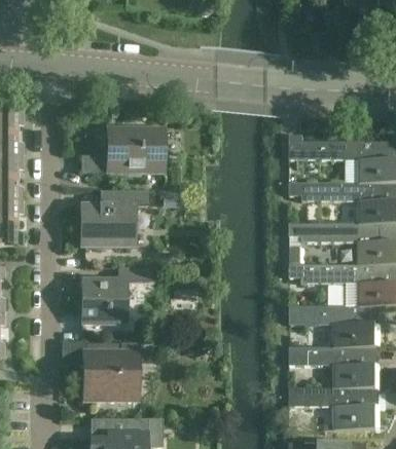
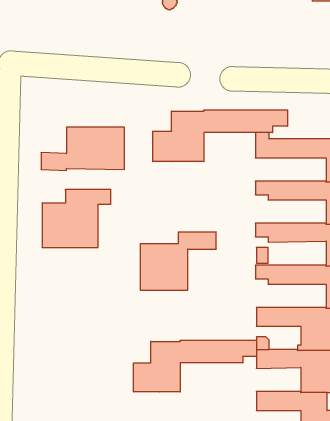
building: none -> [153,110,288,162]
building: [80,267,154,324] -> [140,232,216,290]
building: none -> [134,340,256,392]
building: [84,342,135,394] -> none

